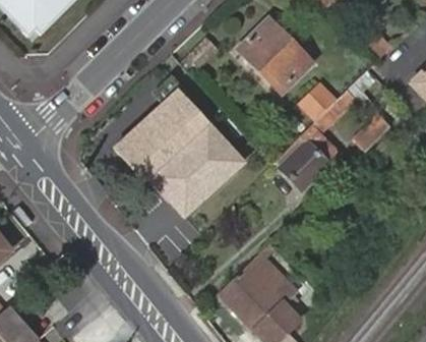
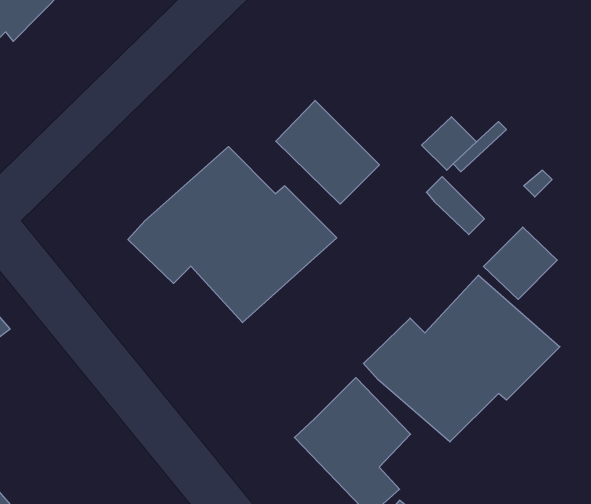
building: [241,20,308,88] -> [276,100,379,204]
building: [284,138,331,185] -> [483,227,557,299]
building: none -> [363,275,560,442]

